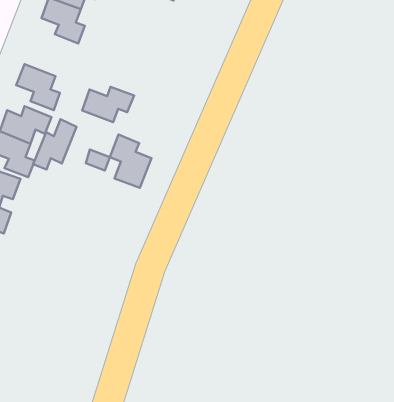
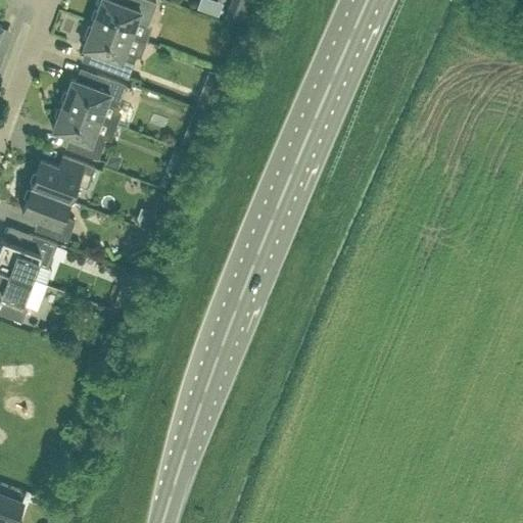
building: [82,87,134,122] -> [62,75,126,117]
building: [33,119,77,170] -> none
building: [110,134,152,188] -> none

